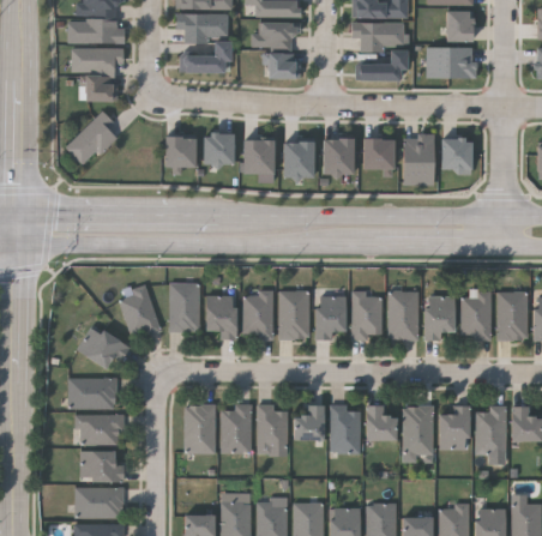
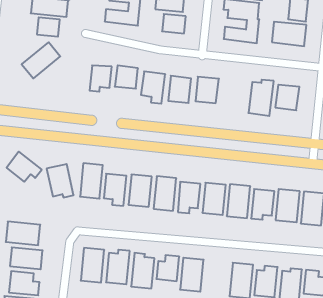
building: [365,139,396,177] -> none
building: [77,324,128,367] -> [7,152,42,182]
building: [365,405,395,439] -> none

